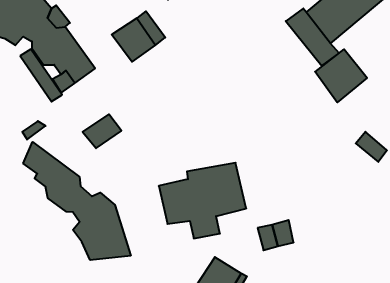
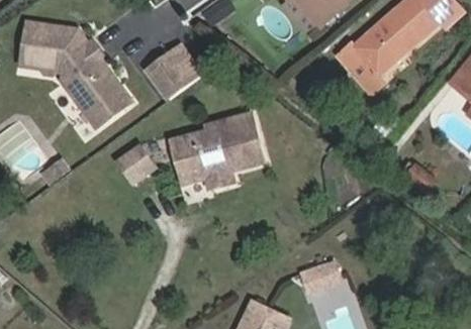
building: [315,49,367,102] -> none
building: [23,142,131,260] -> none
building: [159,163,246,238] -> [168,113,259,192]

